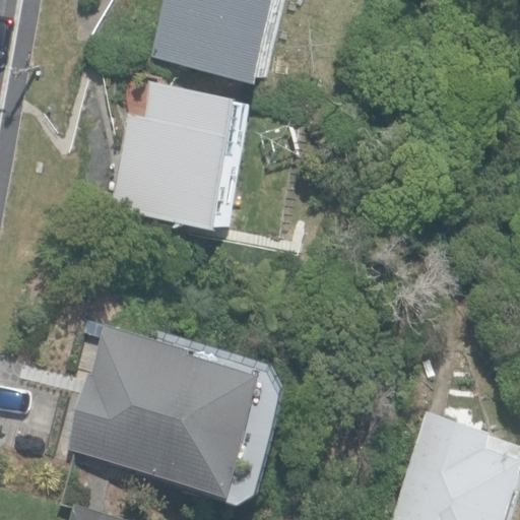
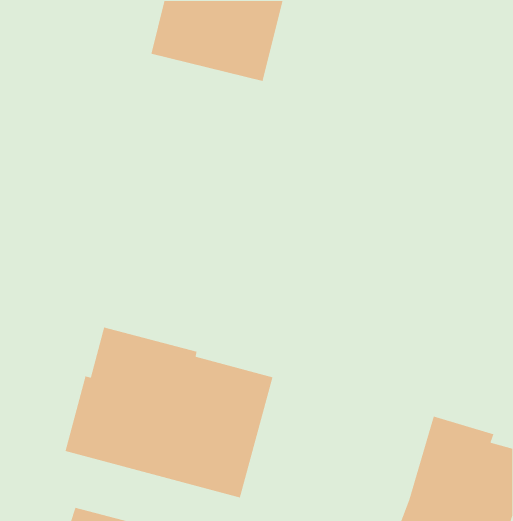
building: [111,81,249,230] -> none

